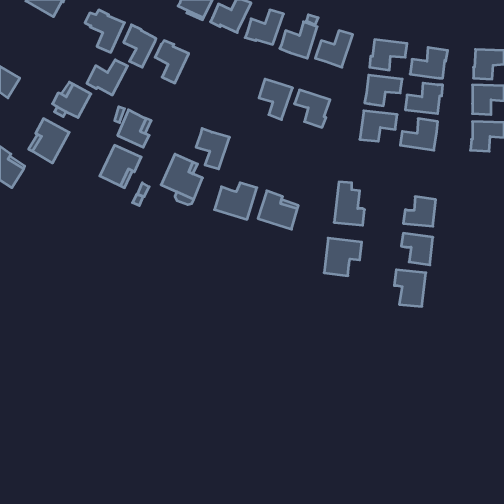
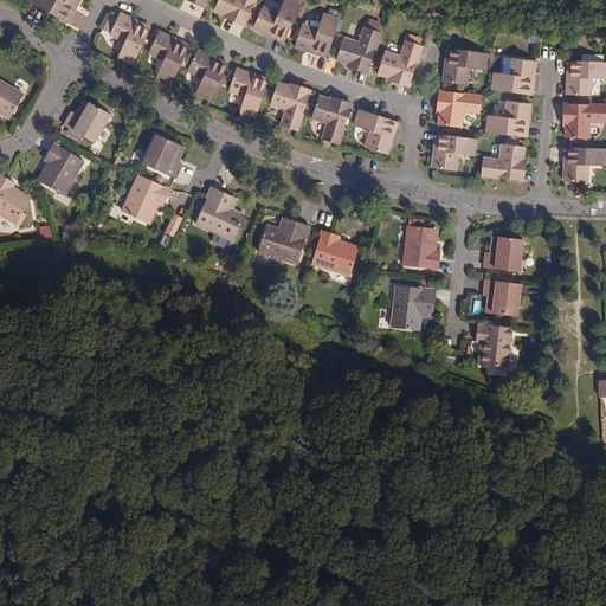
building: none -> [227,67,267,116]
building: [87,60,128,95] -> none
building: [196,128,230,169] -> [269,80,309,129]

